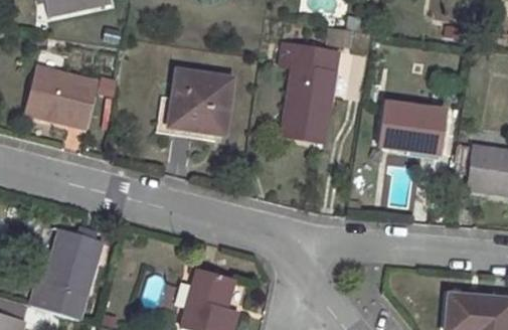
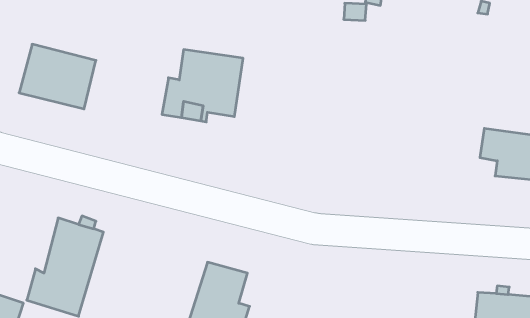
building: [280,40,337,142] -> none
building: [379,102,446,153] -> none

